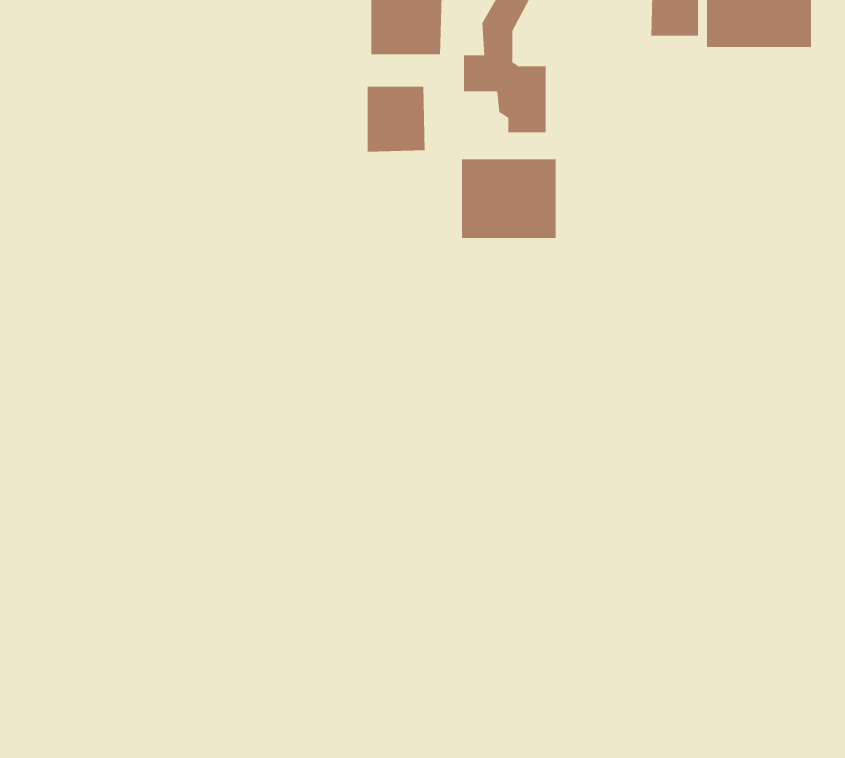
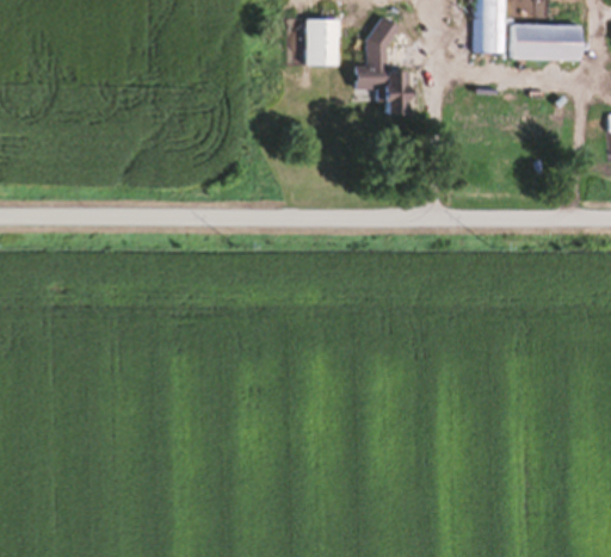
building: [367,86,425,152] -> none
building: [461,158,556,239] -> none

